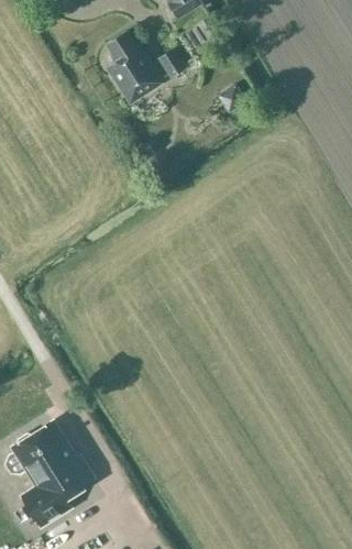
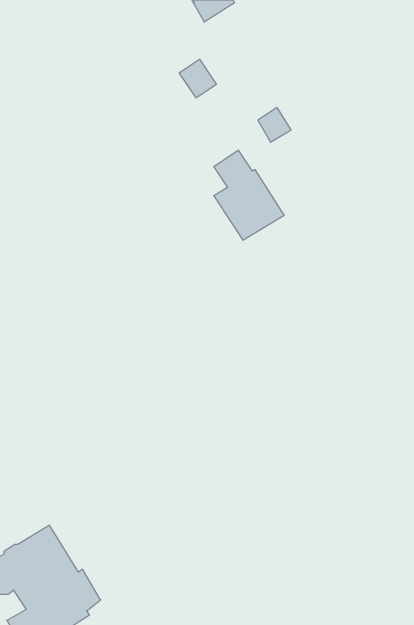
building: [106,32,162,103] -> [214,150,284,240]

